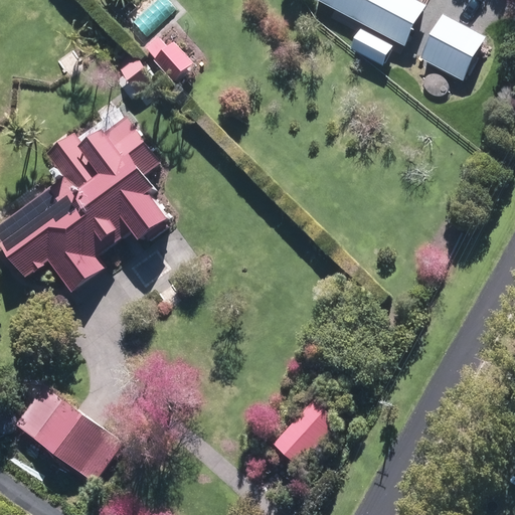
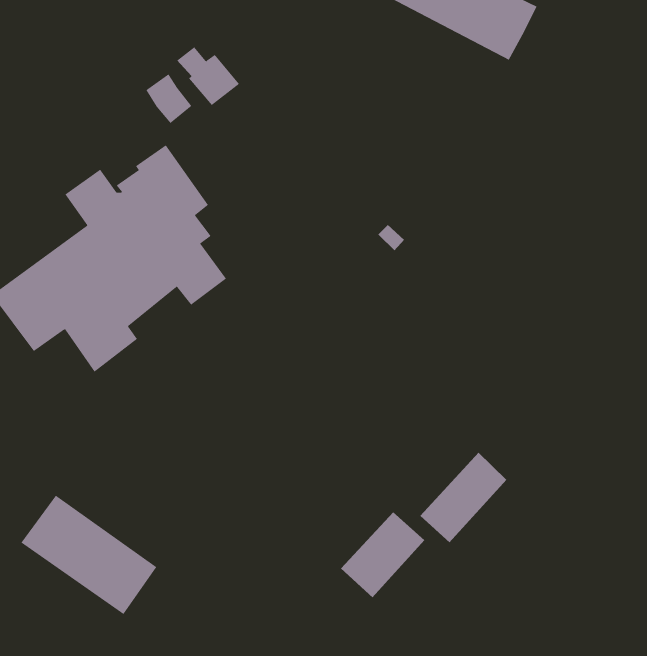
building: [412,14,479,81] -> none
building: none -> [419,452,507,543]

